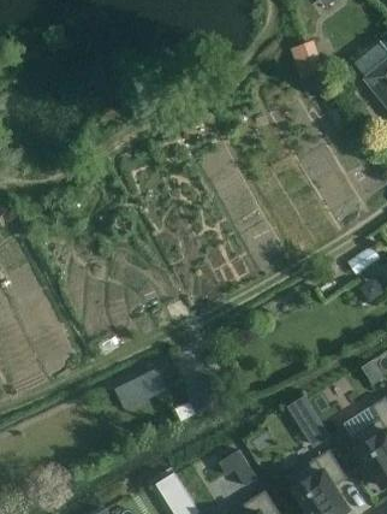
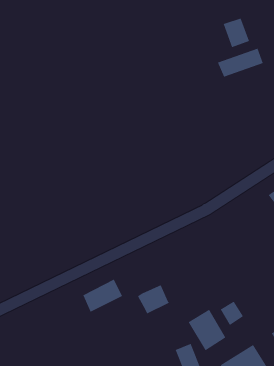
building: none -> [217,48,263,77]
building: none -> [188,309,226,351]

